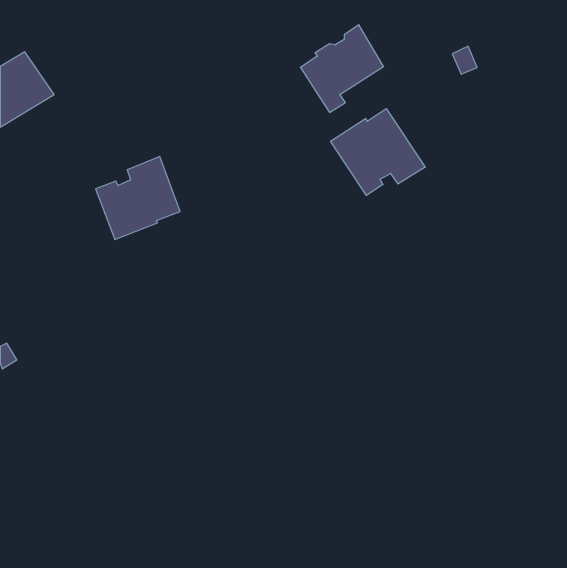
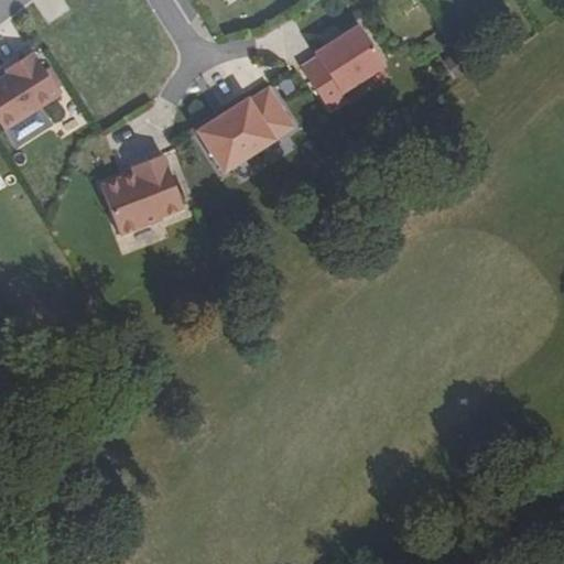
building: none -> [197,88,294,172]
building: [331,109,425,195] -> none

